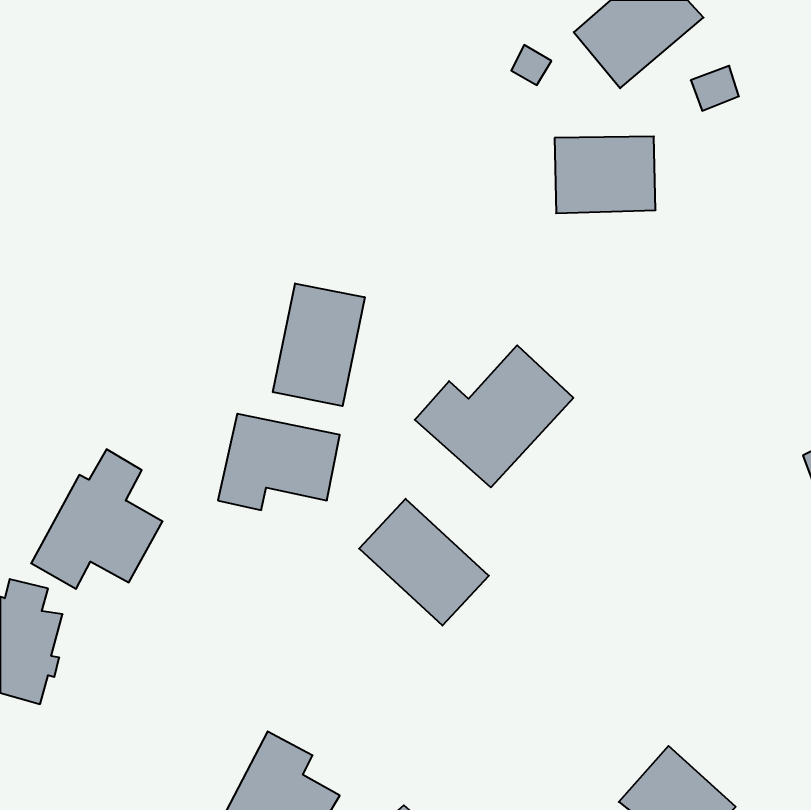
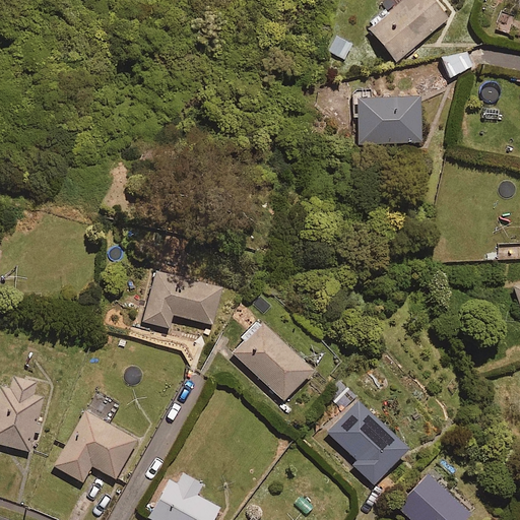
building: [273,283,365,406] -> none
building: [415,345,573,487] -> none
building: [31,449,163,589] -> [54,393,137,481]
building: none -> [330,406,410,490]

